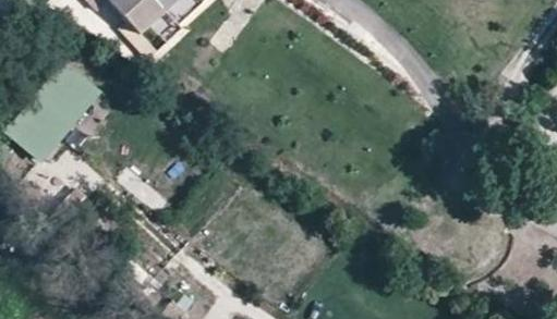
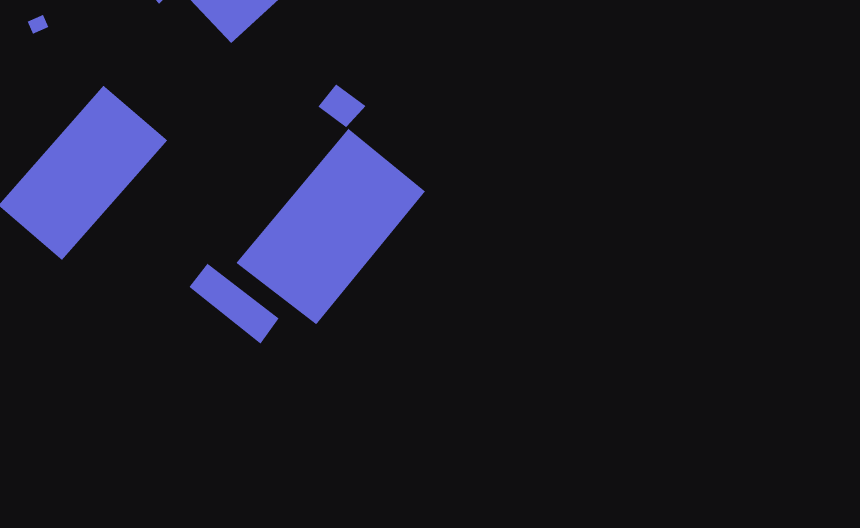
building: none -> [235,84,426,325]

